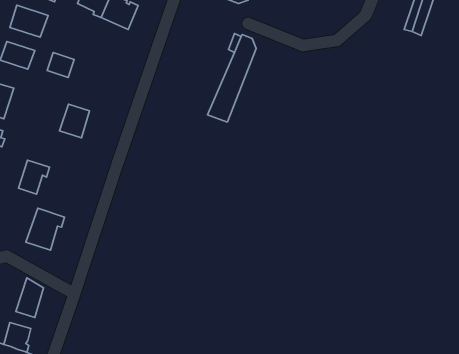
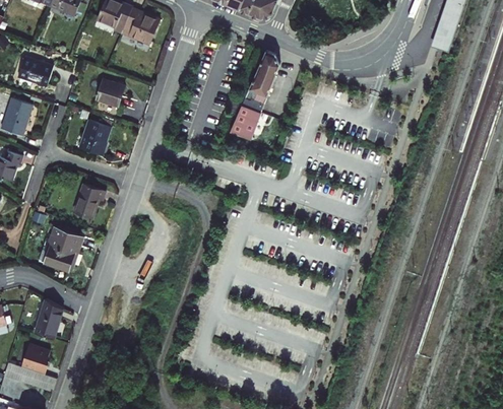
building: [10,5,48,37] -> none
building: [47,53,74,77] -> [96,80,123,106]
building: [19,160,49,194] -> [73,184,105,218]

